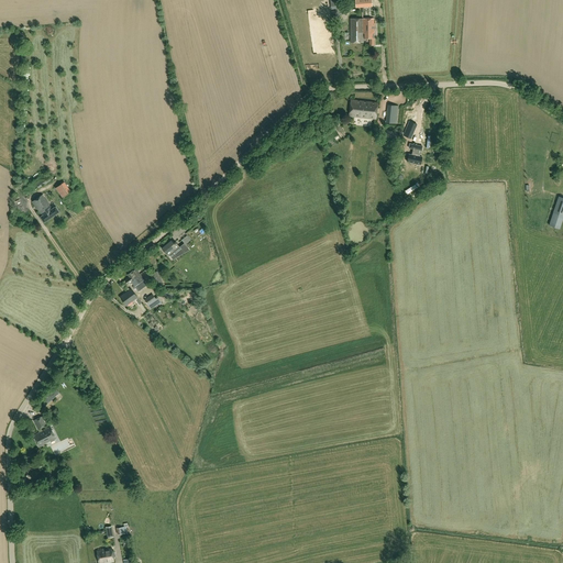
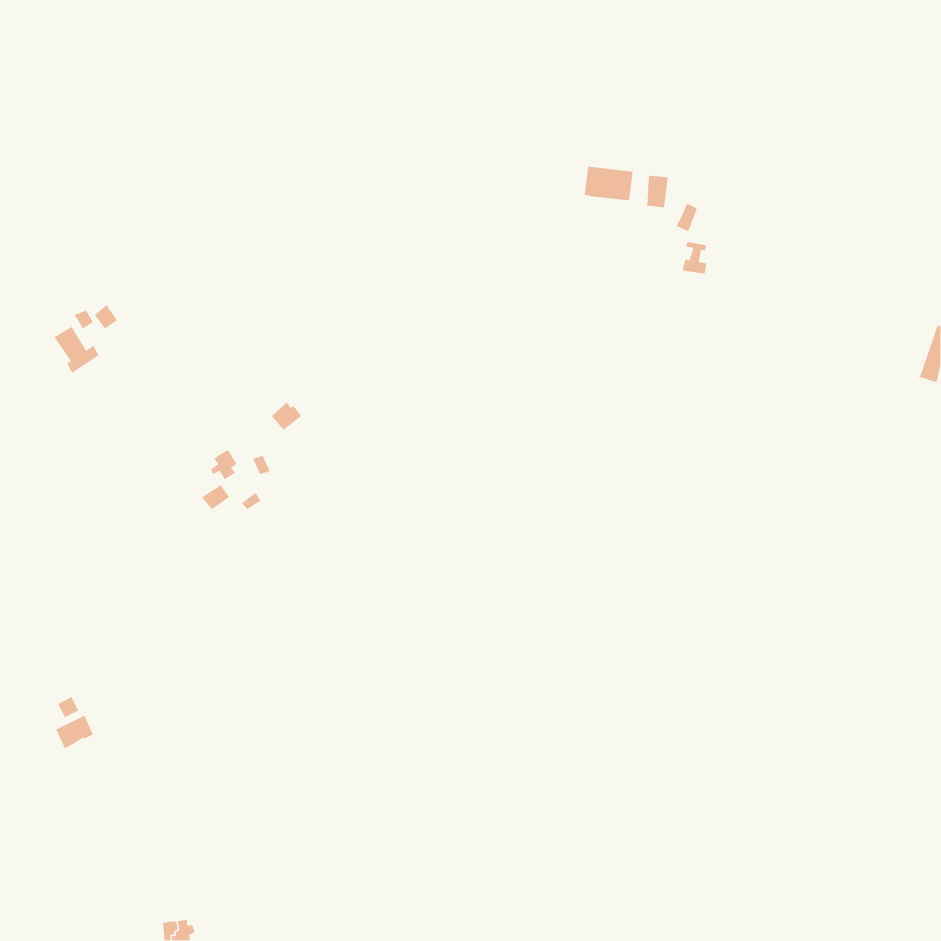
building: [351,19,374,45] -> none

